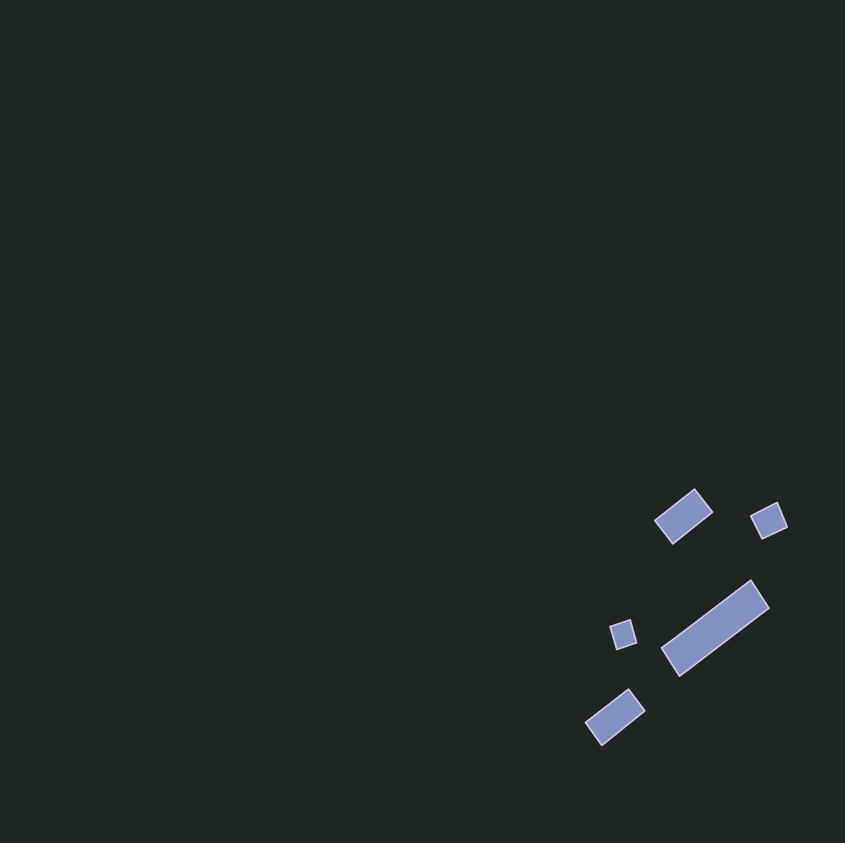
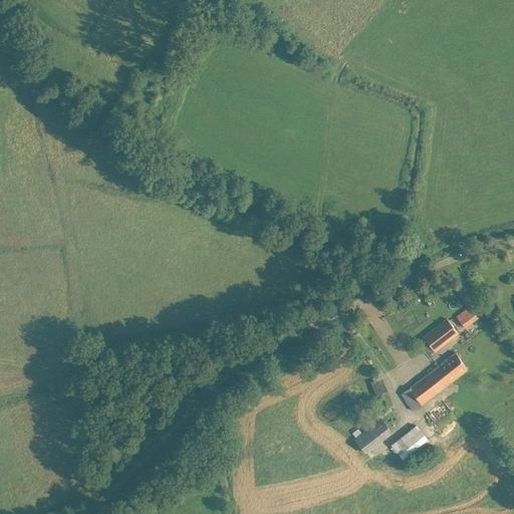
building: [655,489,713,544] -> [423,319,458,352]
building: none -> [391,425,429,461]

